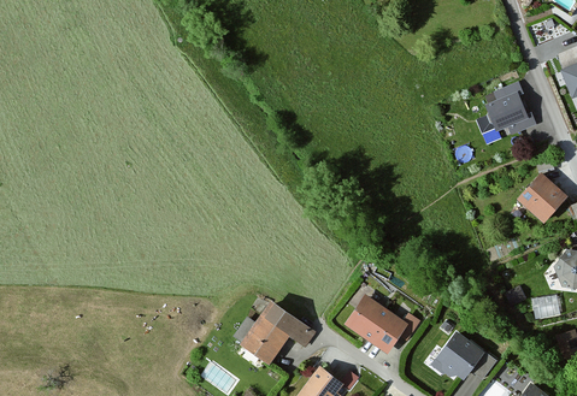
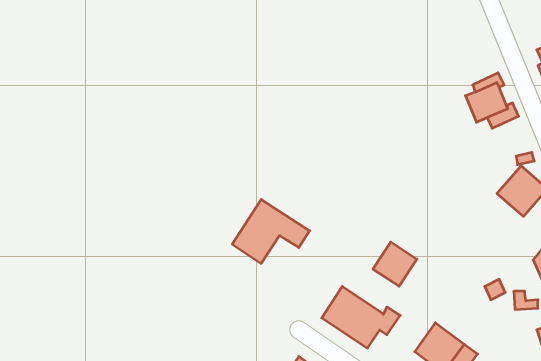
building: none -> [373,242,417,286]
building: [240,299,317,362] -> [232,199,310,263]

